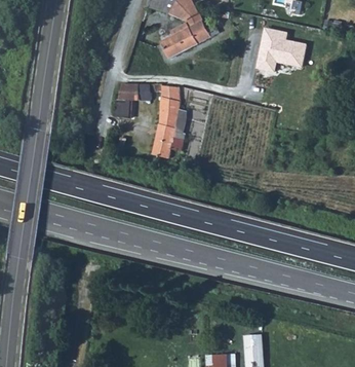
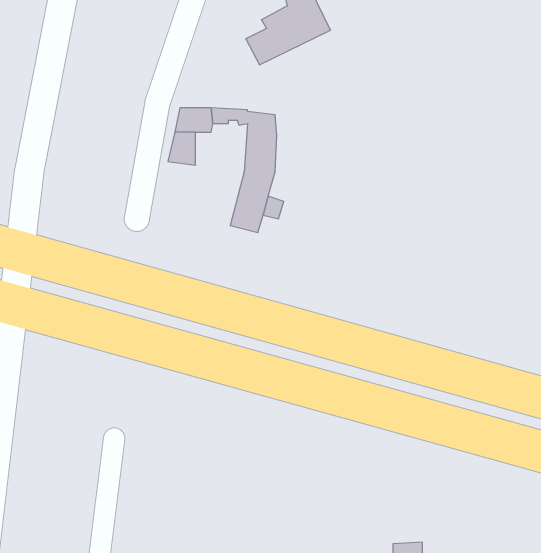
building: [254,26,307,71] -> none

